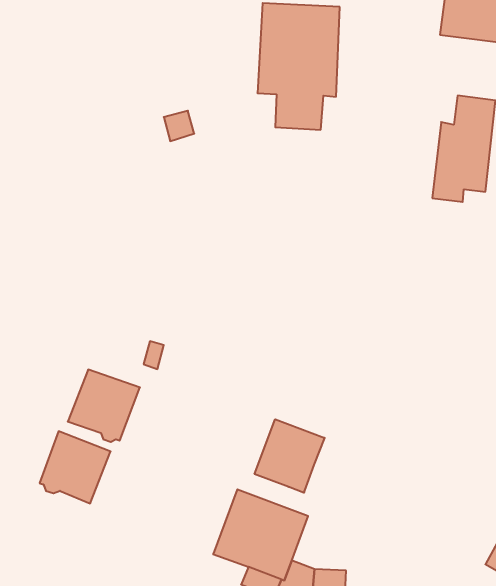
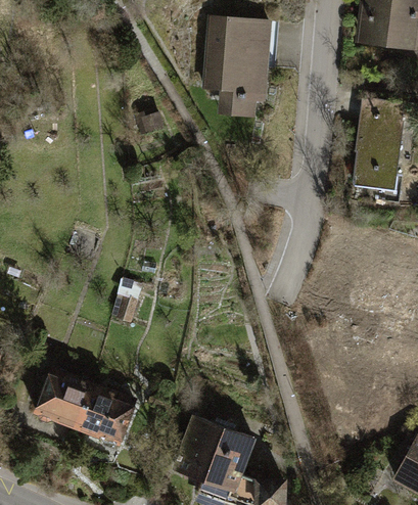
building: [68,370,140,442] -> [76,384,134,443]
building: [255,419,325,493] -> none

